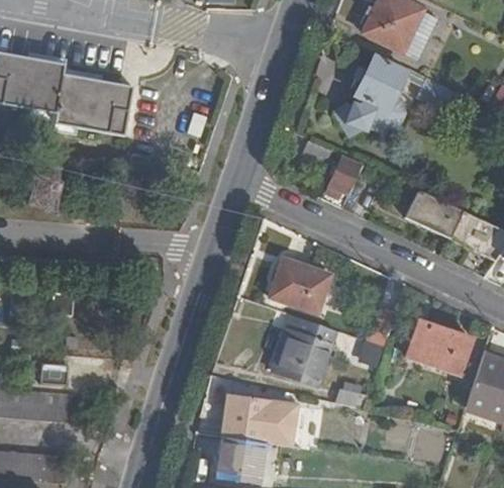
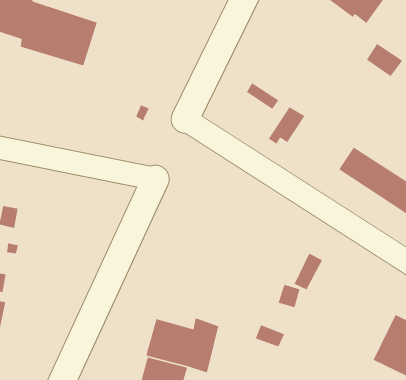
building: [331,55,405,138] -> none
building: [271,260,332,312] -> none
building: [275,314,337,384] -> none
building: [405,320,471,374] -> none

